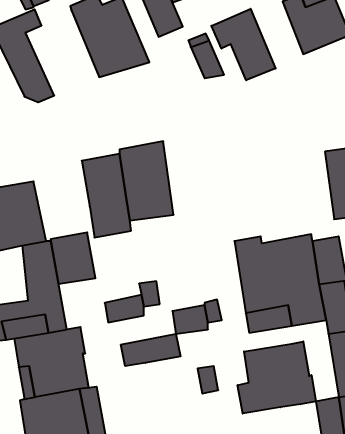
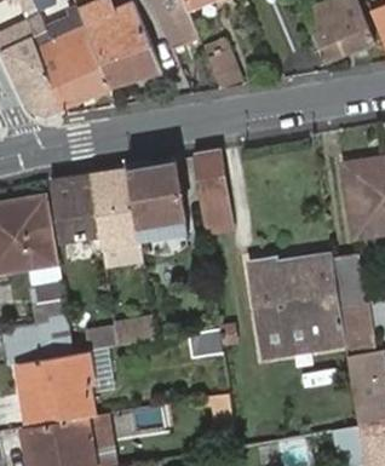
building: [211,9,276,80] -> none
building: none -> [30,16,108,105]
building: none -> [191,146,230,232]
building: [51,232,95,284] -> [51,174,98,229]
building: [121,334,181,366] -> none
building: [238,341,316,414] -> none

